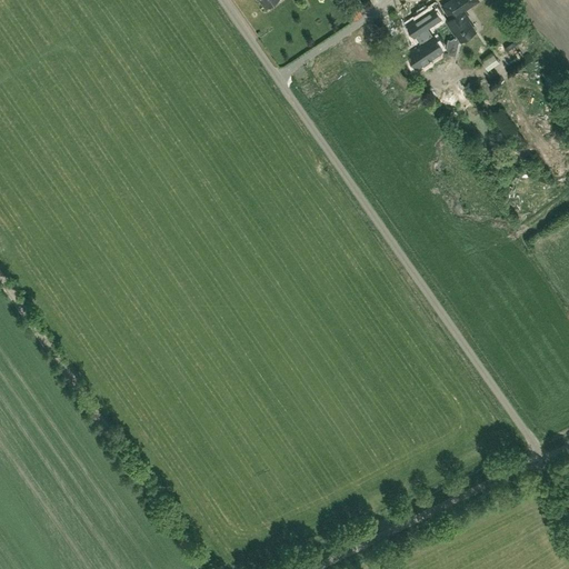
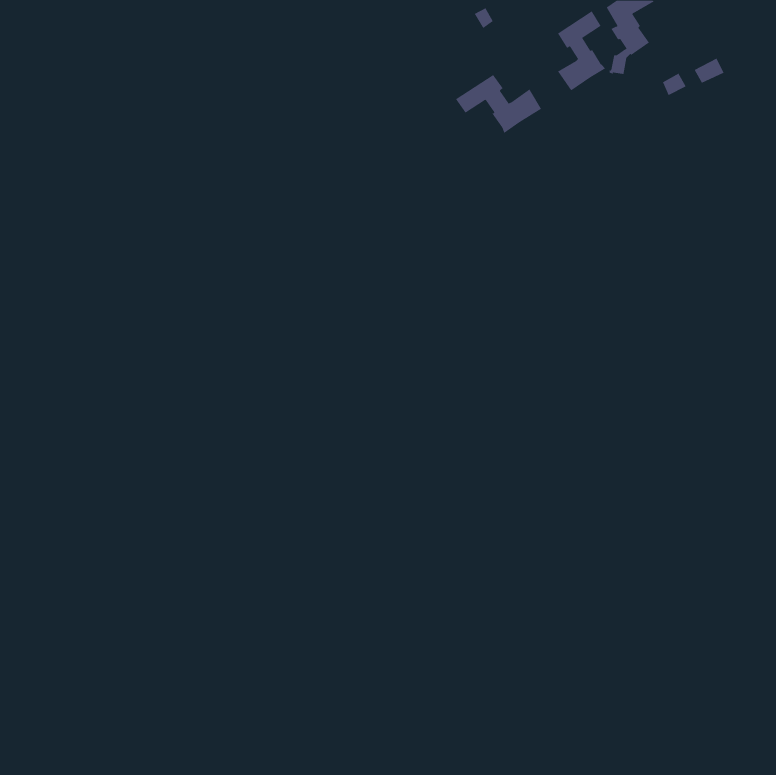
building: none -> [455,74,542,134]

